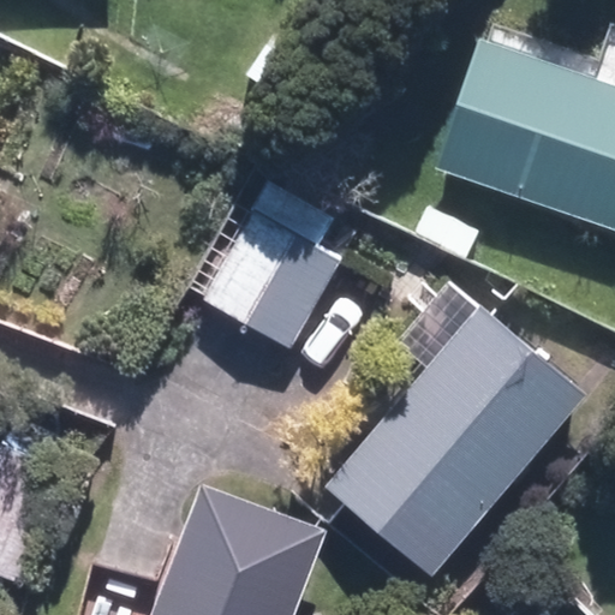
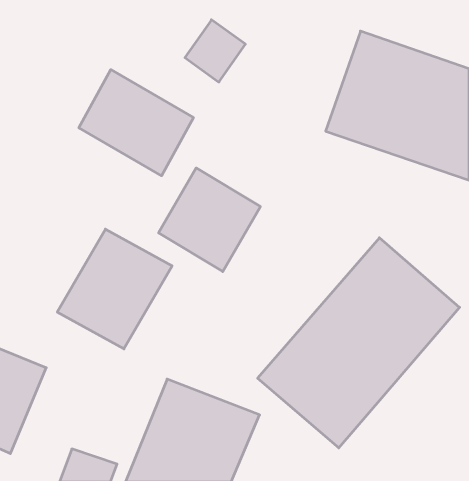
building: none -> [79,70,193,176]
building: none -> [57,229,172,349]

